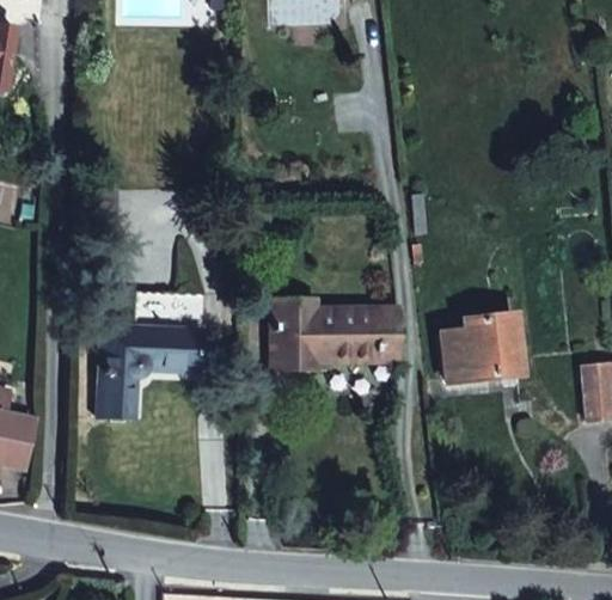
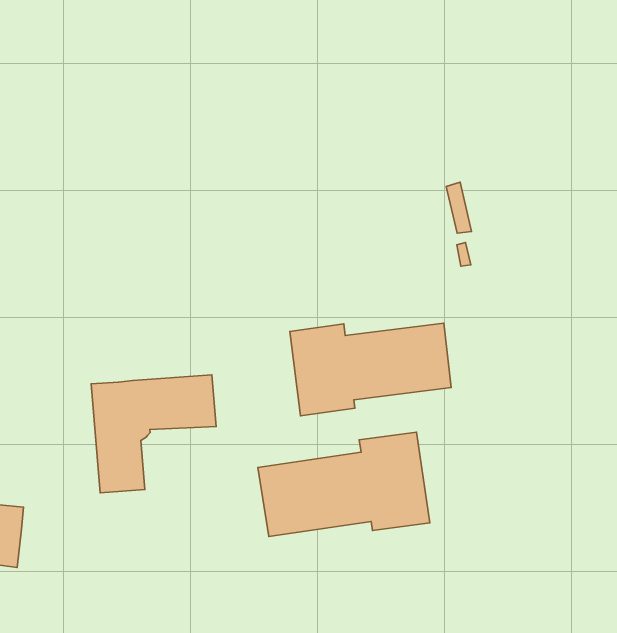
building: [440,314,520,382] -> none
building: none -> [258,432,430,537]

